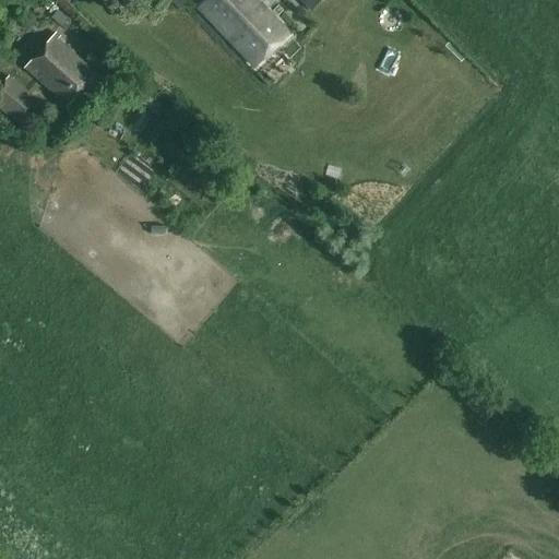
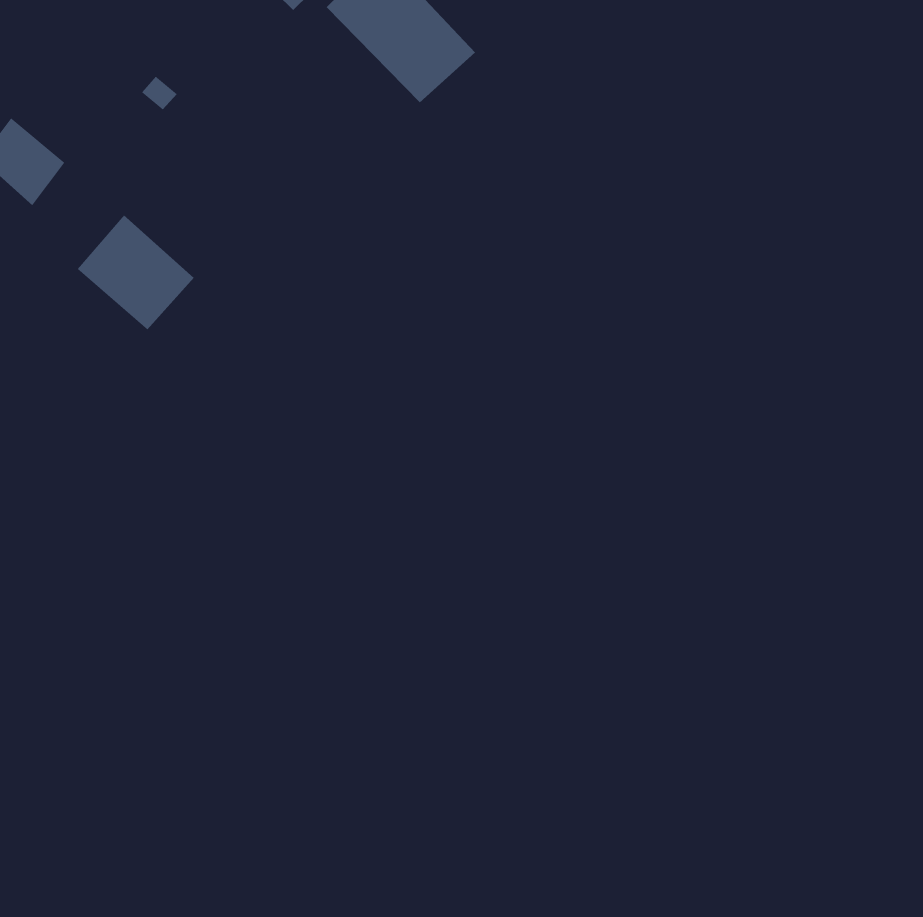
building: [23,33,94,103] -> [77,215,195,330]

